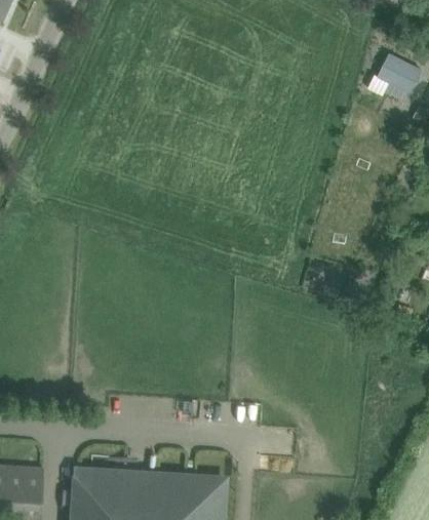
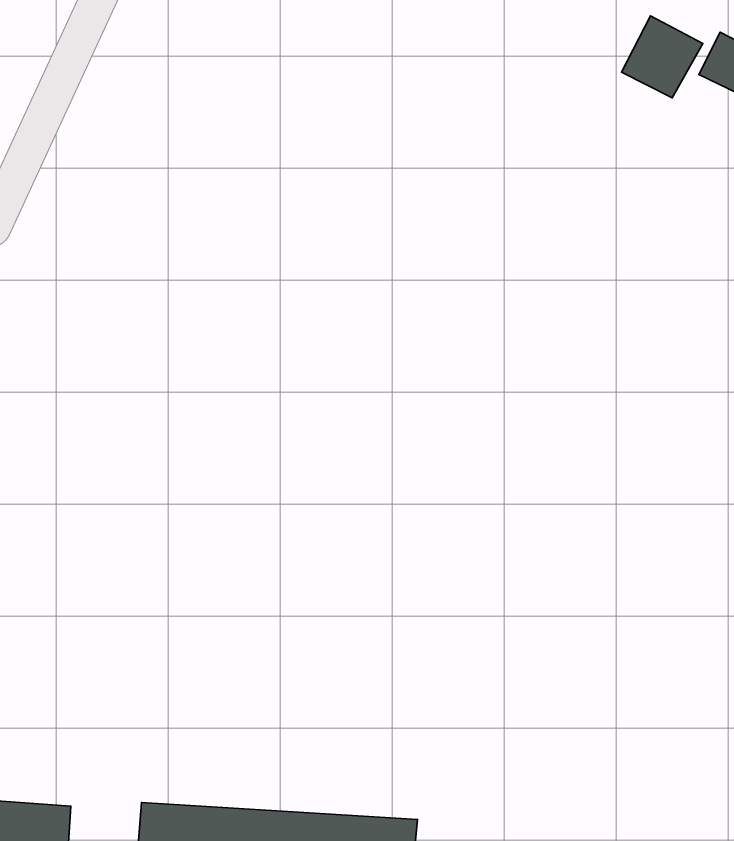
building: none -> [621,16,703,98]

